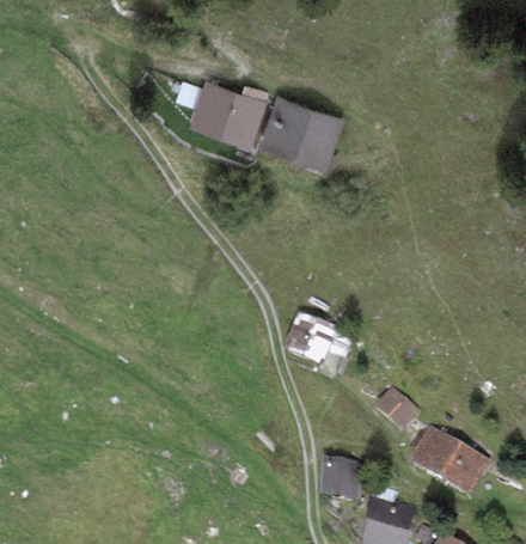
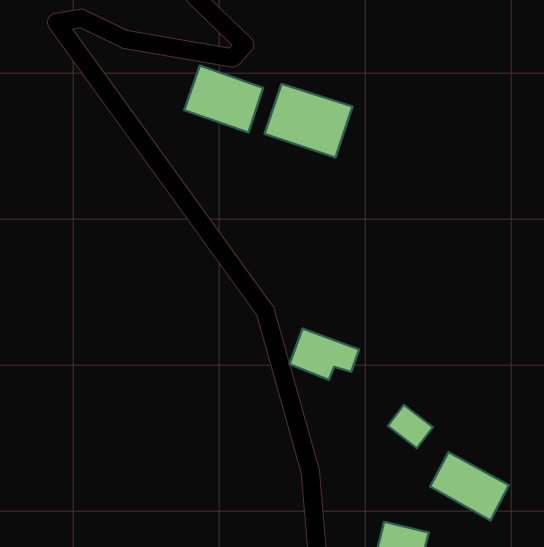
building: [322,460,359,503] -> none

